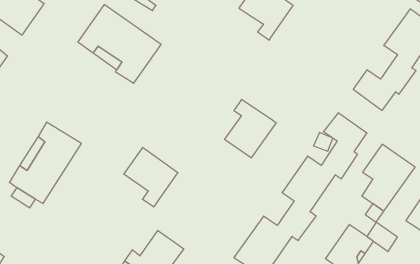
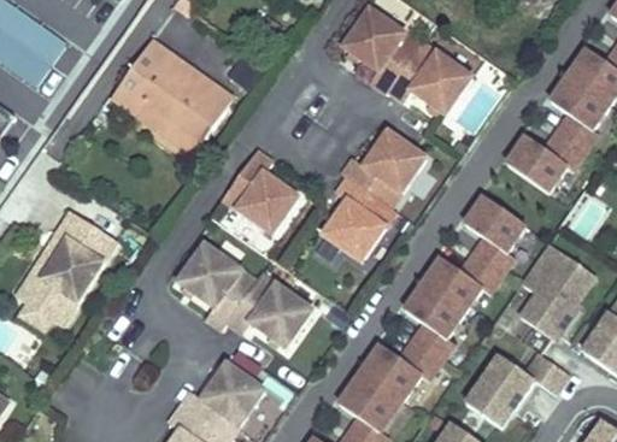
building: none -> [388,40,472,113]
building: none -> [342,129,427,206]
building: none -> [223,149,300,232]
building: none -> [228,273,313,346]

